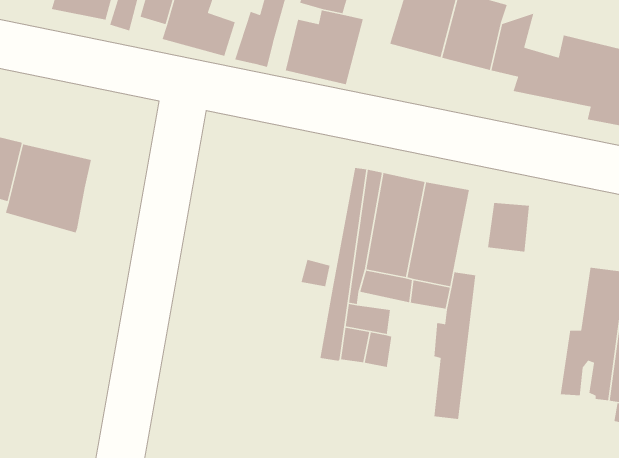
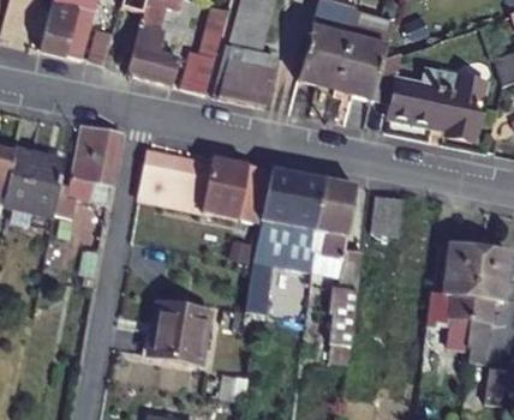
building: none -> [60,126,121,220]
building: none -> [141,150,250,217]
building: none -> [154,302,213,365]

